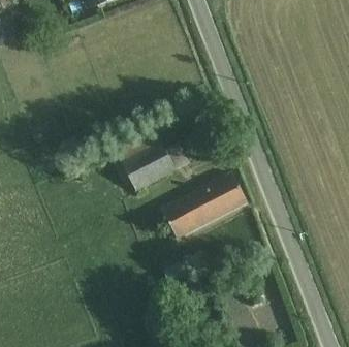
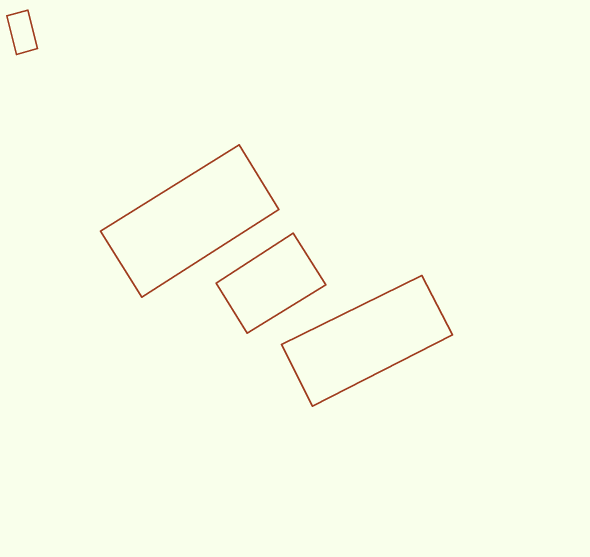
building: none -> [100,145,279,297]

